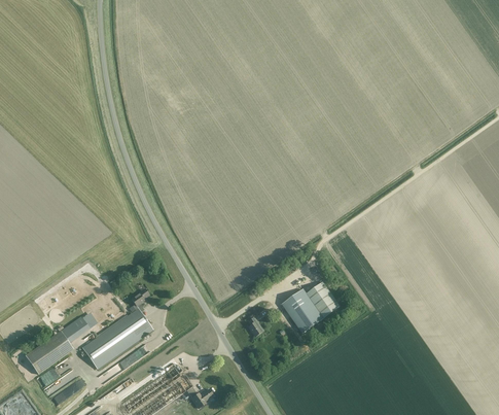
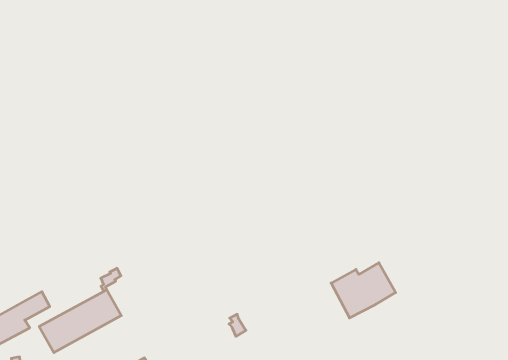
building: [282,280,340,332] -> [331,263,396,318]

